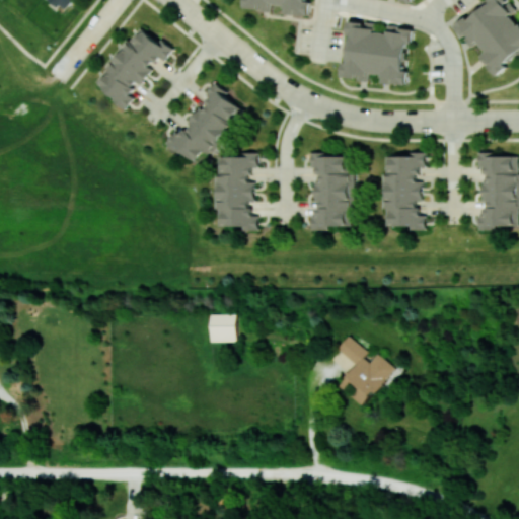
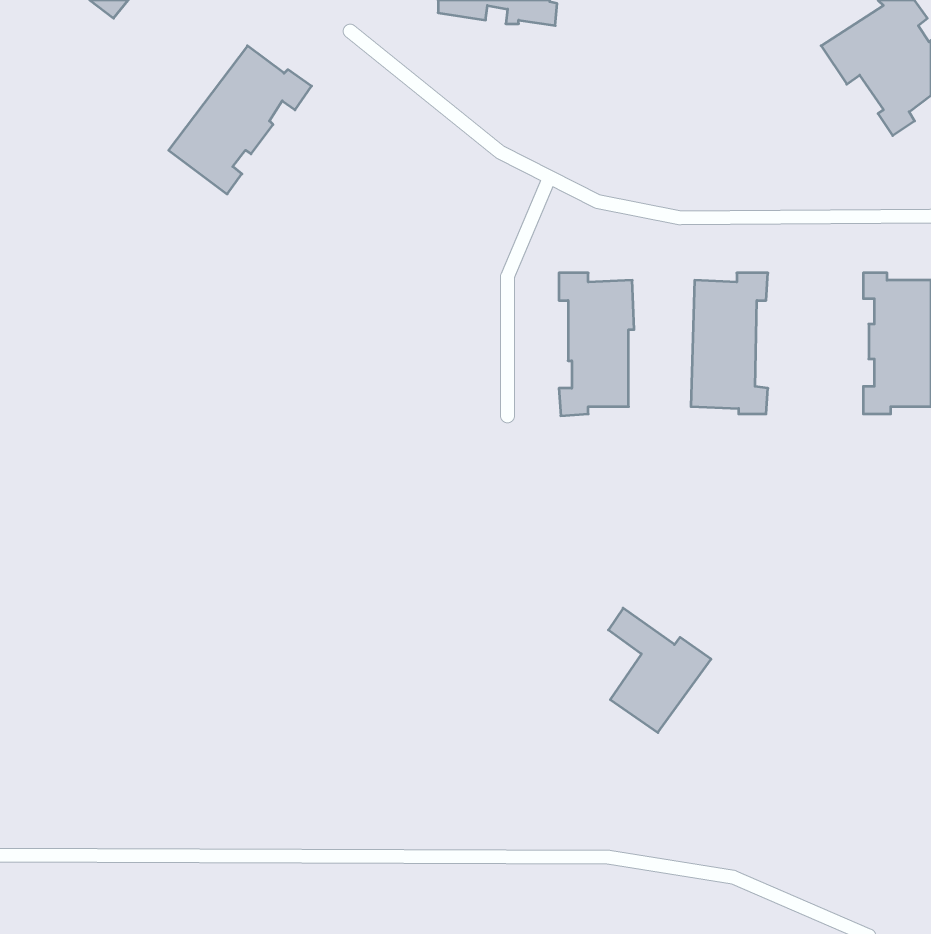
building: [340,21,411,85] -> none
building: [166,83,241,167] -> none
building: [214,152,256,231] -> none
building: [209,314,235,342] -> none

